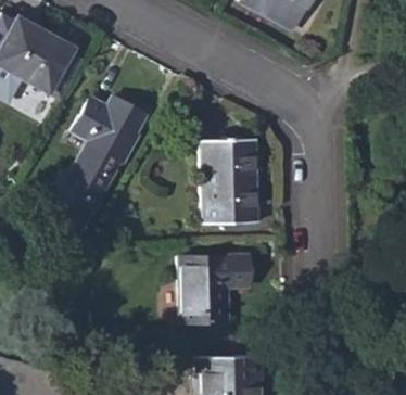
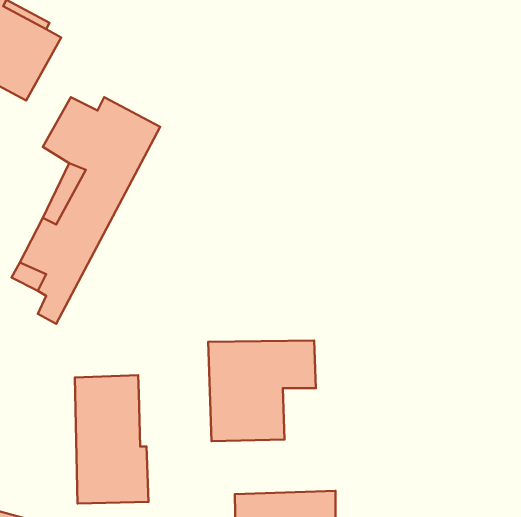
building: [200,138,257,225] -> none
building: none -> [75,375,149,503]

